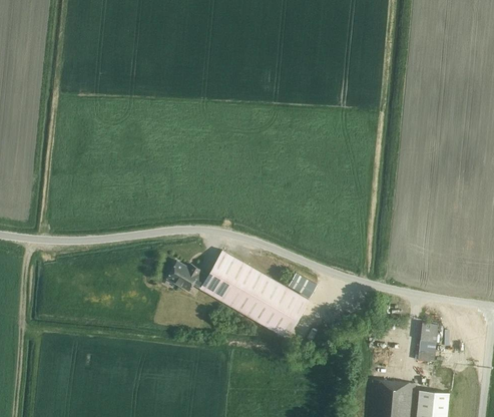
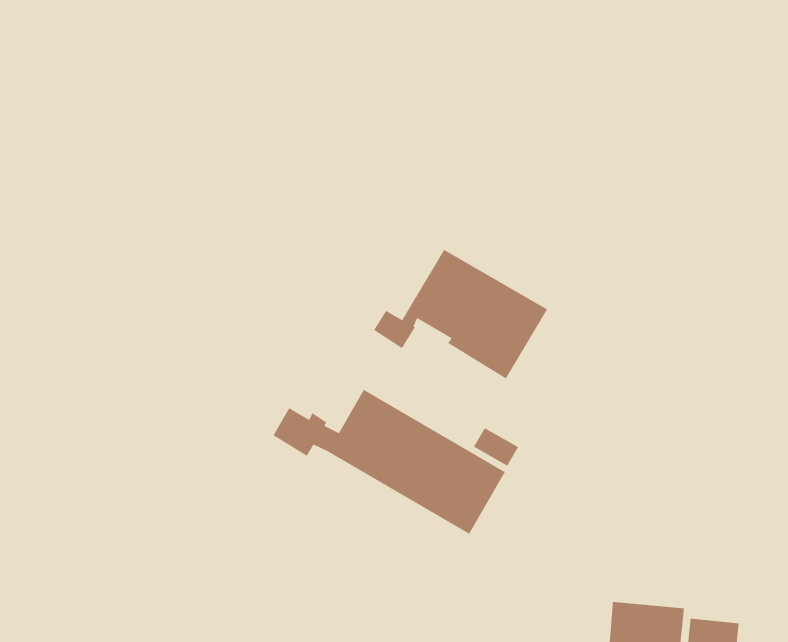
building: none -> [373,249,548,379]
building: [418,323,439,362] -> none

